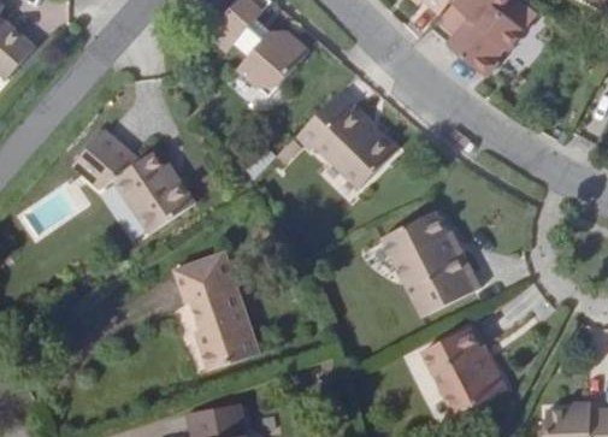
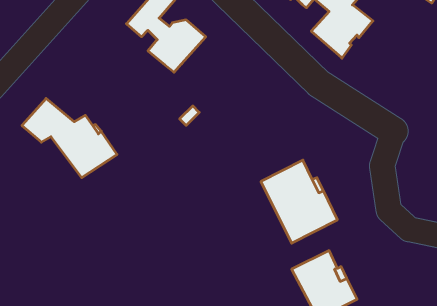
building: [297,93,396,188] -> none
building: [173,250,259,370] -> none

